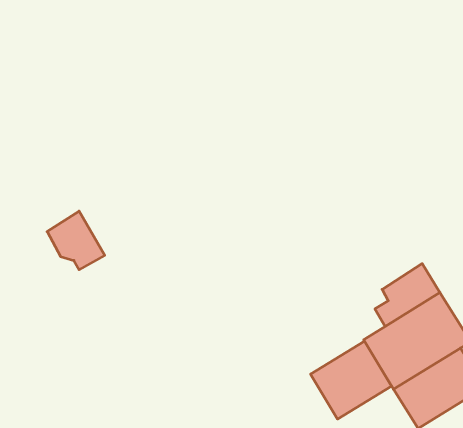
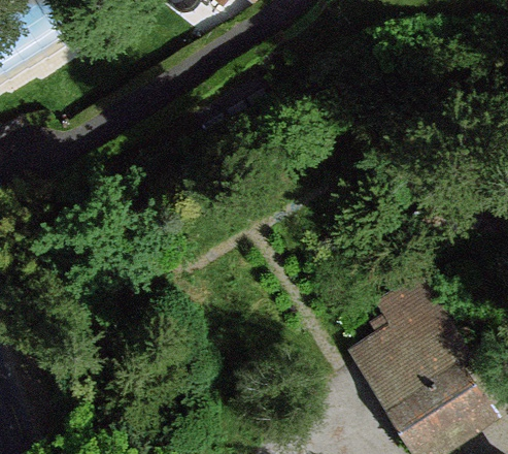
building: [311,341,391,419] -> none

